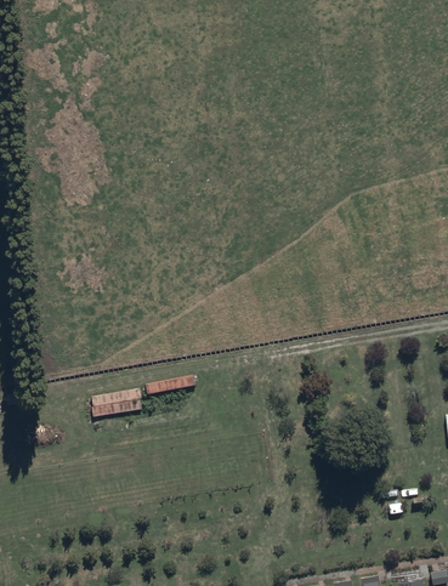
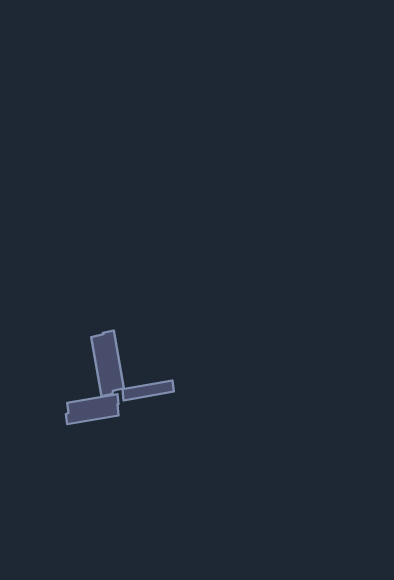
building: none -> [91,330,124,396]

